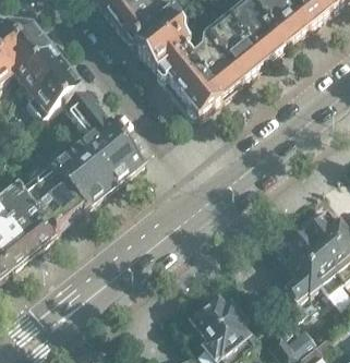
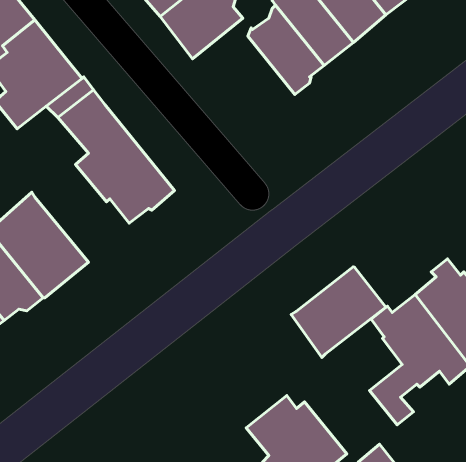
building: [156,46,225,118] -> none
building: [50,142,113,209] -> none
building: none -> [291,267,386,358]

